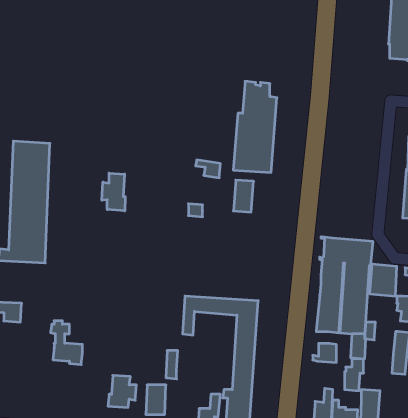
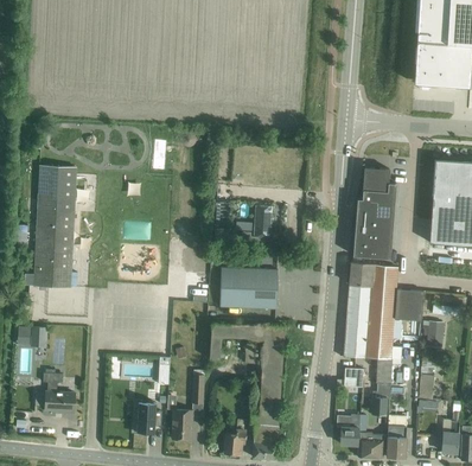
building: [233,81,277,172] -> [352,167,396,258]
building: [102,173,125,211] -> none
building: none -> [219,268,278,309]
building: [51,321,82,365] -> [43,370,75,414]

